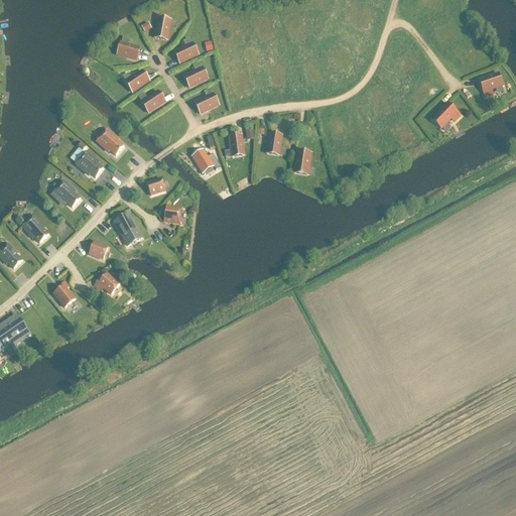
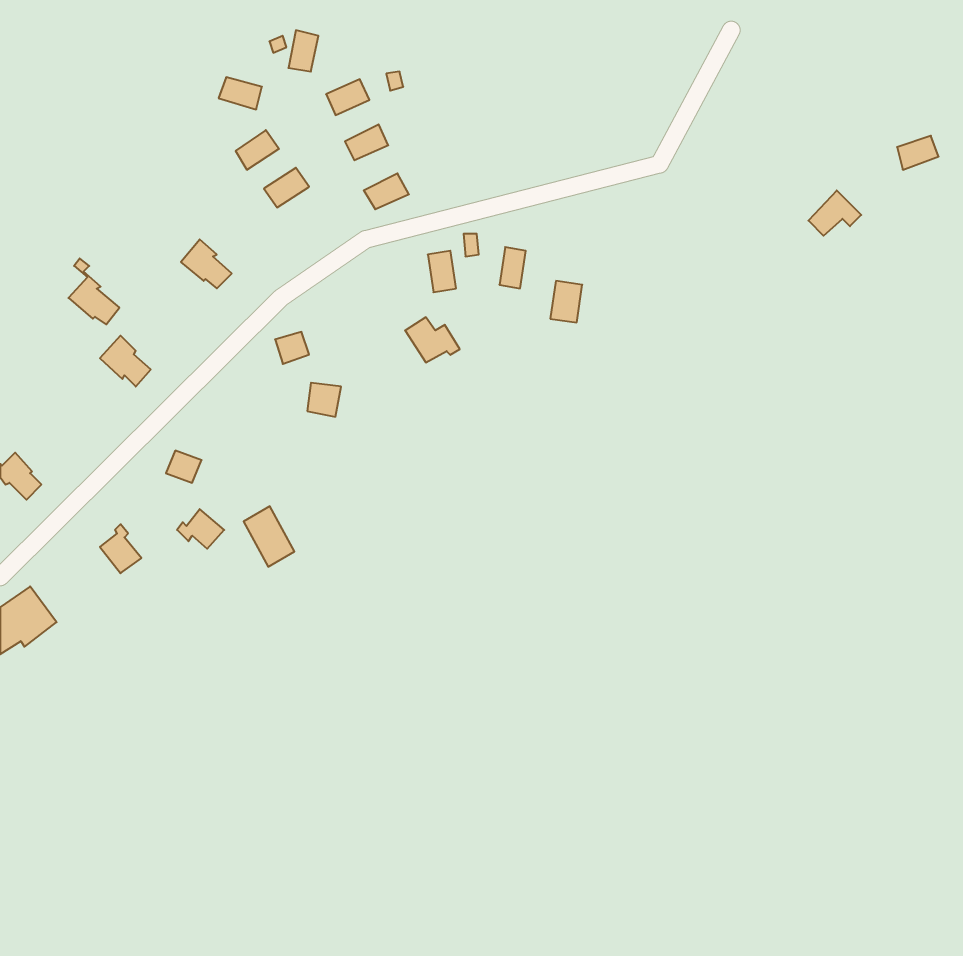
building: [76,141,103,176] -> [68,258,119,324]
building: [191,148,221,172] -> [405,317,460,362]
building: [115,213,142,245] -> [244,506,294,567]
building: [15,215,48,242] -> none

